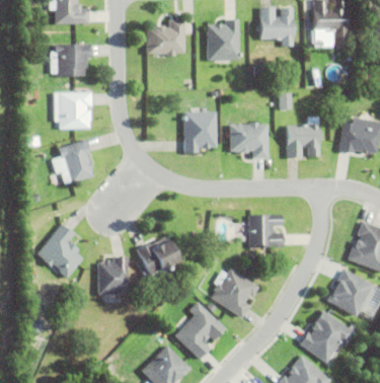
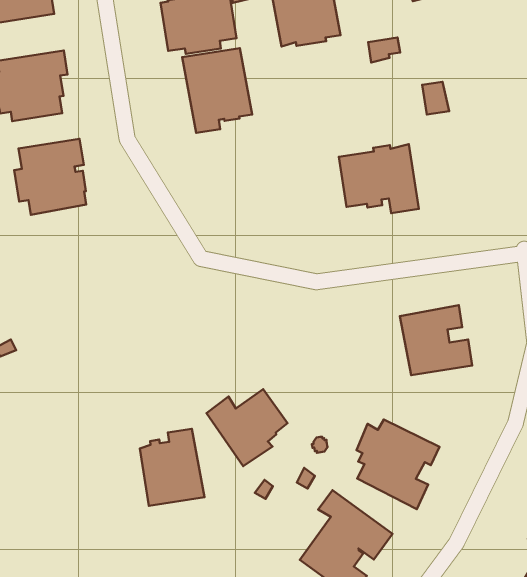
building: [184,111,217,153] -> [182,48,252,133]
building: [287,116,319,158] -> none
building: [53,140,94,183] -> none
building: [37,224,83,280] -> none

